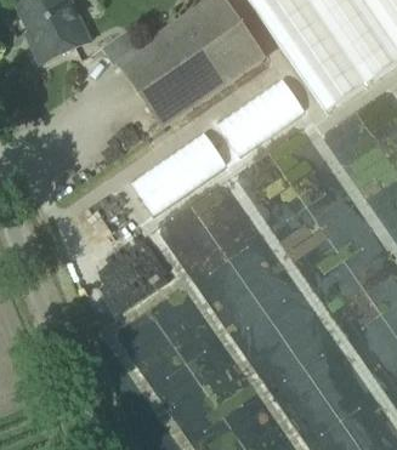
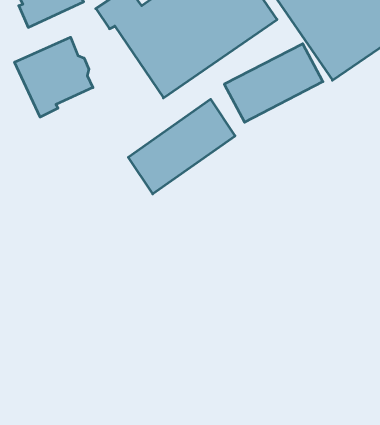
building: none -> [15,37,93,117]

